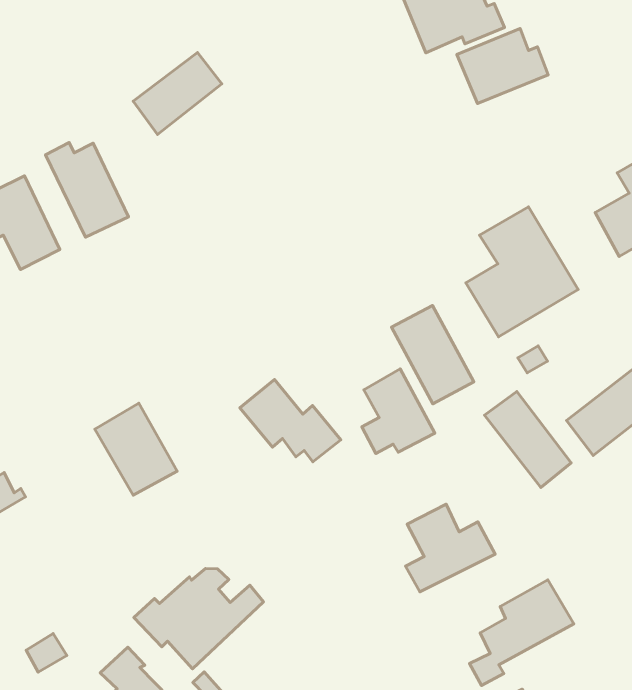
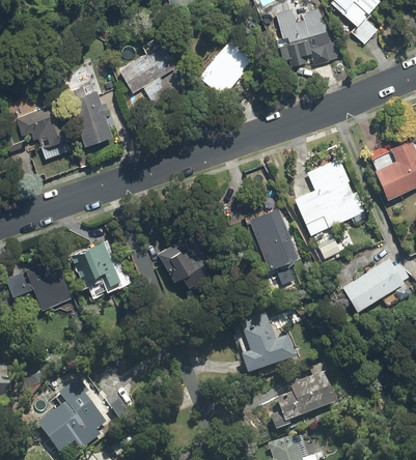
building: none -> [200,36,253,92]
building: [457,28,548,103] -> none
building: [362,369,435,453] -> none
building: [485,392,571,487] -> none
building: none -> [27,260,68,308]
building: [134,568,264,669] -> none

